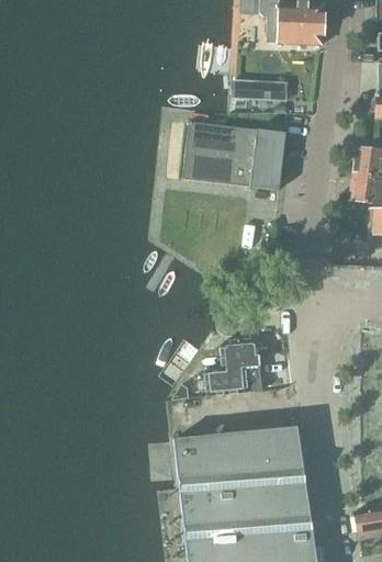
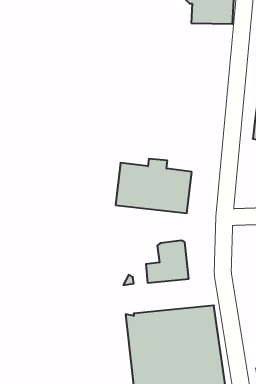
building: [232,76,288,100] -> none
building: [183,115,286,189] -> [116,159,192,213]

